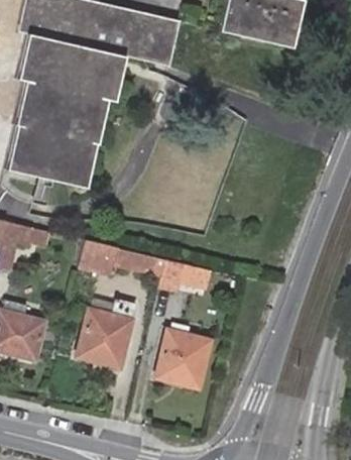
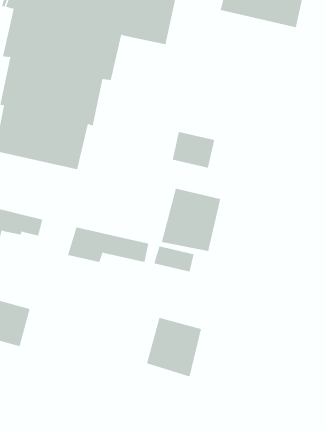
building: none -> [172,131,215,169]
building: none -> [161,188,221,252]
building: [76,298,134,364] -> none

